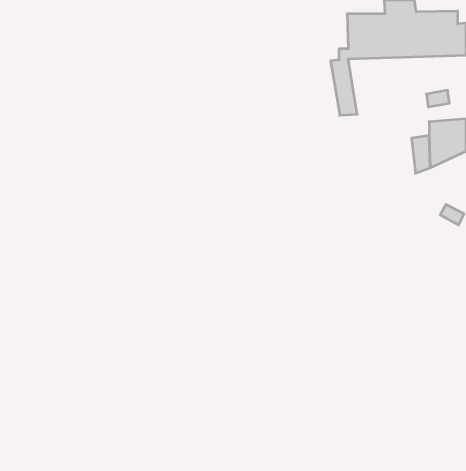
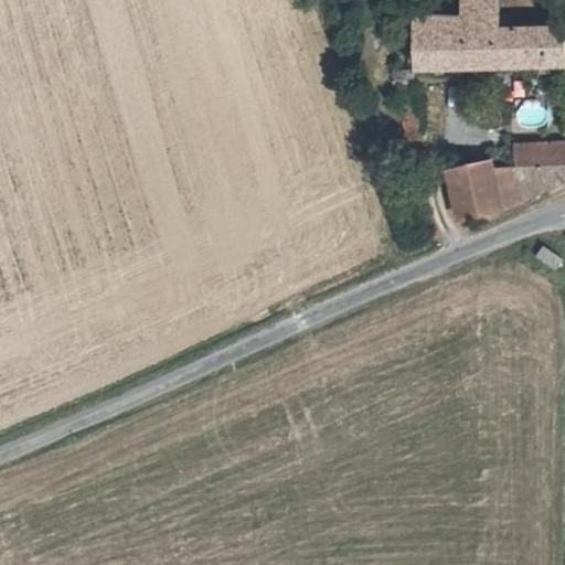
building: none -> [450,166,498,218]

